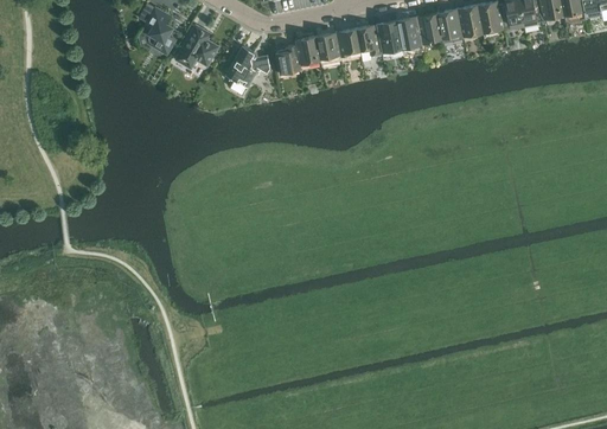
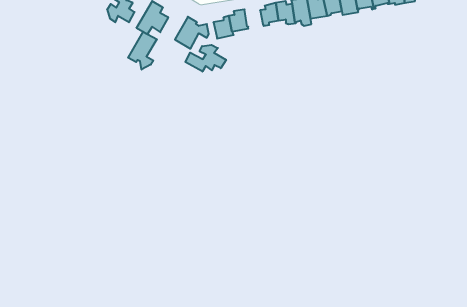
building: [317,33,341,63] -> none
building: none -> [128,32,157,70]
building: none -> [185,45,226,72]

